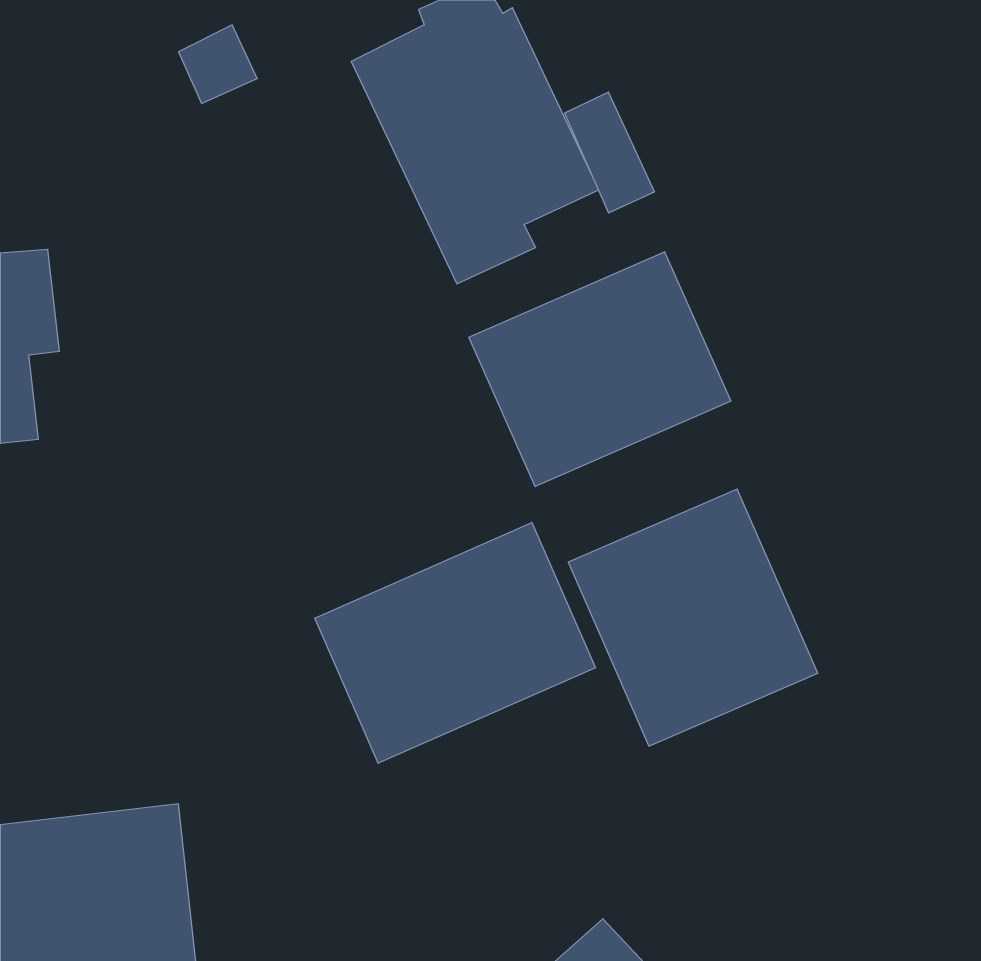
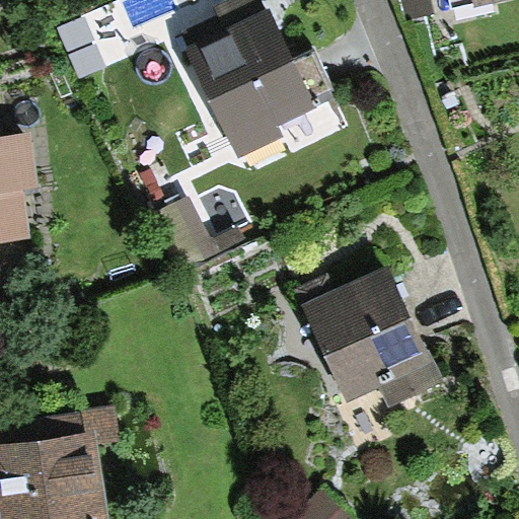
building: [469,252,731,487] -> none
building: [315,522,595,763] -> none

